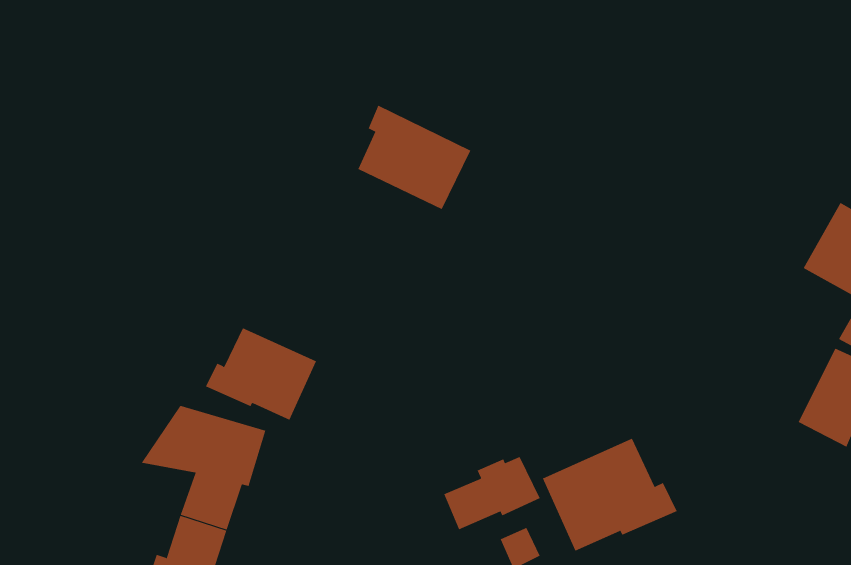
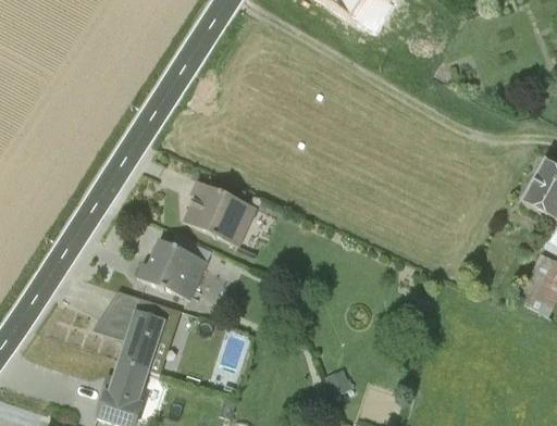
building: [358,105,471,210] -> [184,179,257,247]
building: [542,438,677,551] -> none
building: [443,456,540,530] -> none

